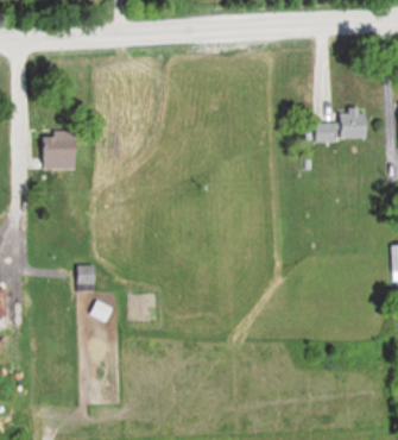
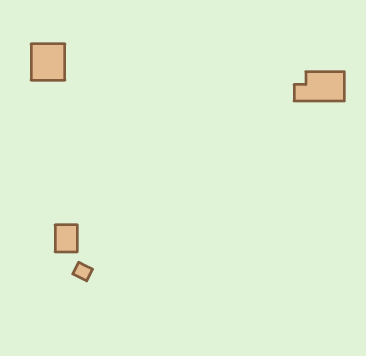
building: [44,132,78,169] -> [31,44,65,80]

